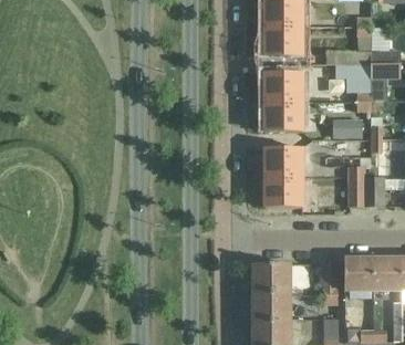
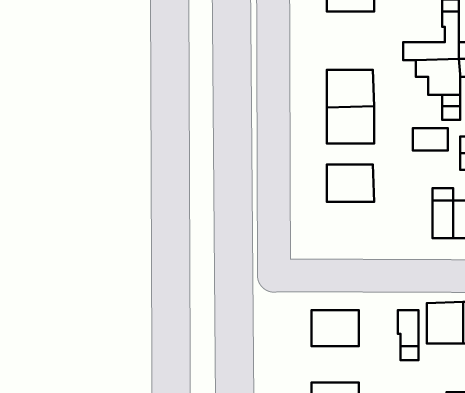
building: [264,25,302,55] -> none
building: [264,177,302,207] -> none
building: [252,292,290,321] -> none

